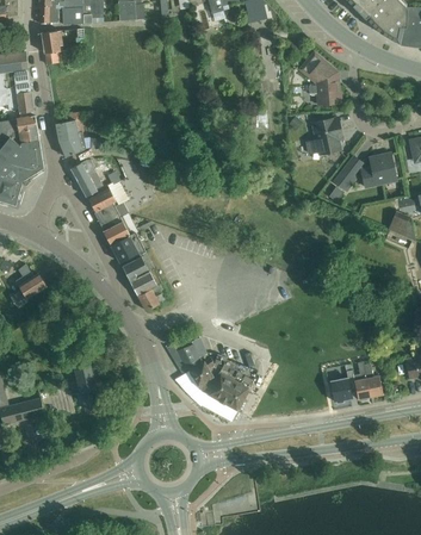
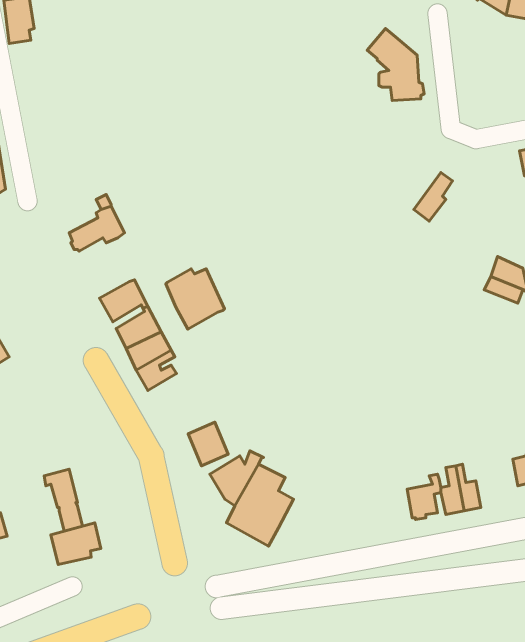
building: [55,111,86,156] -> none
building: [307,116,340,154] -> none
building: [360,153,396,186] -> none
building: [69,157,103,194] -> none
building: [94,201,136,244] -> [166,269,225,329]
building: none -> [51,523,101,564]

